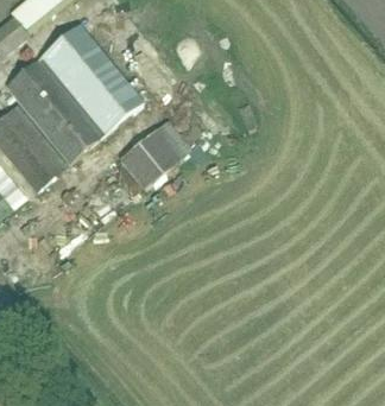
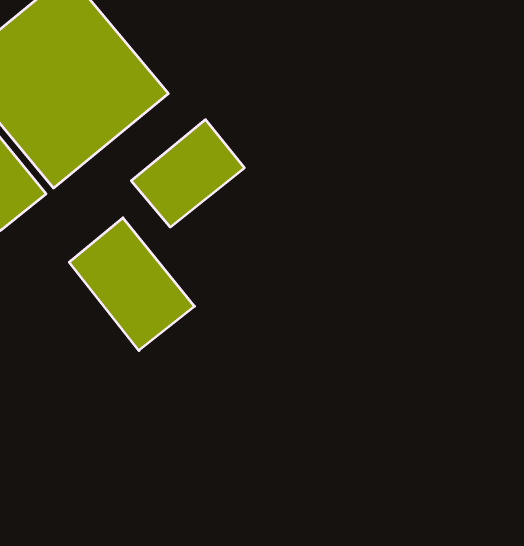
building: none -> [69,218,195,351]

